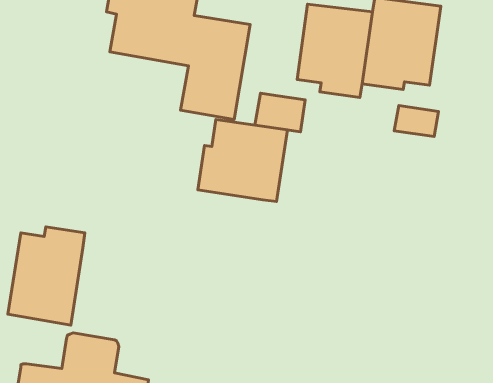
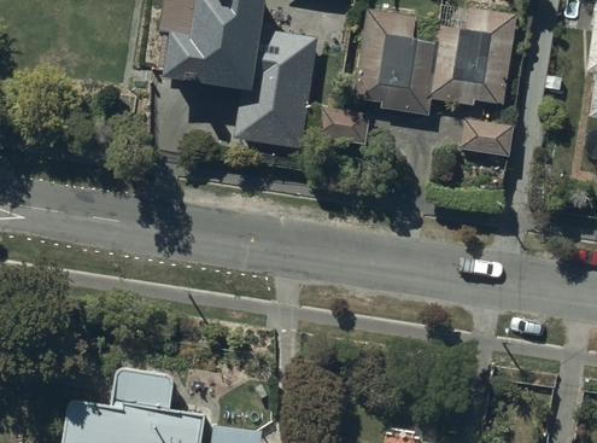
building: [198,119,288,202] -> none
building: [8,227,85,325] -> none

